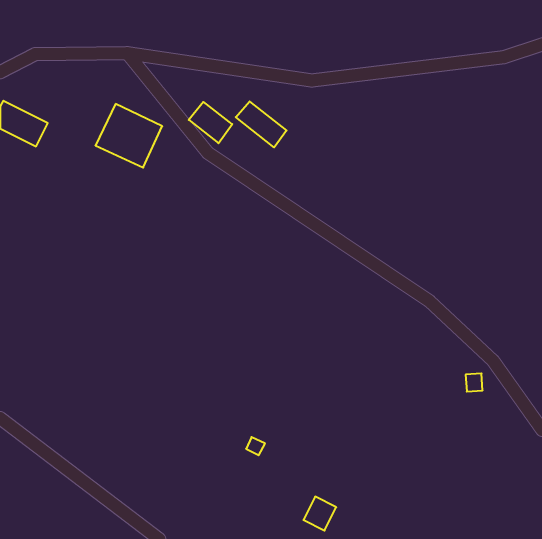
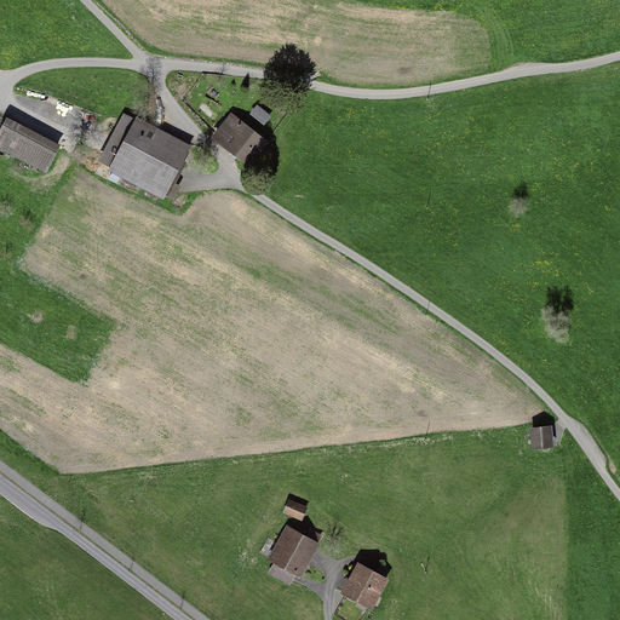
building: [236,101,287,147] -> none
building: none -> [272,529,315,572]

